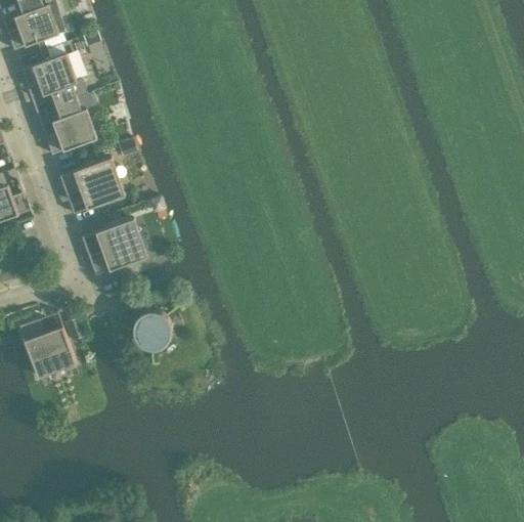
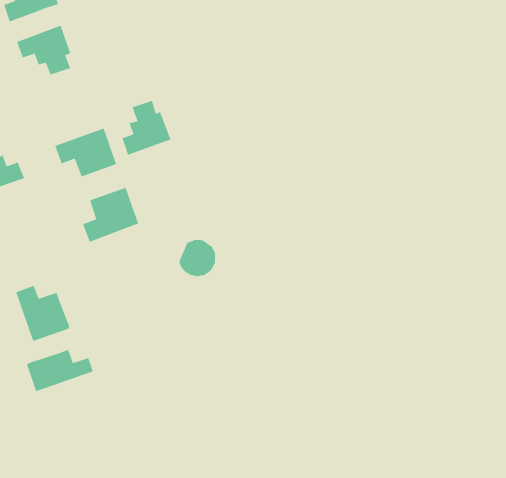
building: [45,98,96,156] -> [122,100,172,156]
building: [131,311,169,350] -> [179,239,216,277]
building: none -> [26,349,94,392]

